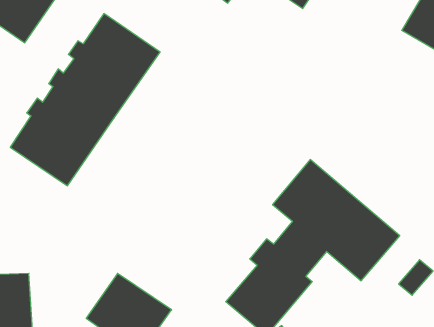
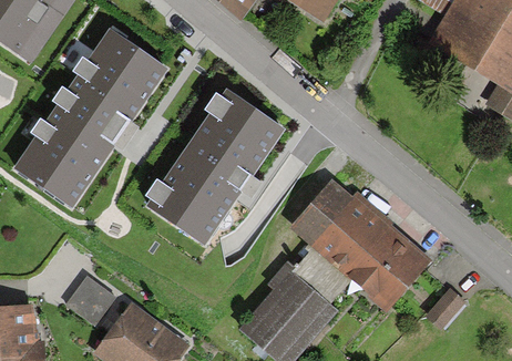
building: none -> [151,93,285,246]
building: none -> [64,274,110,319]

